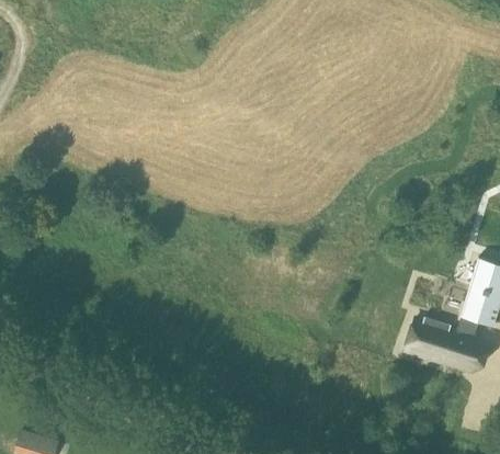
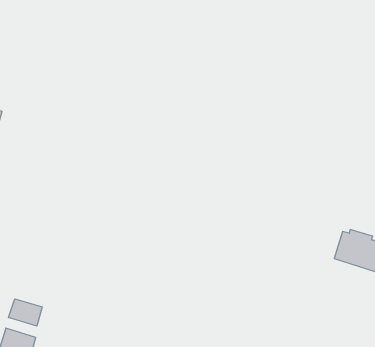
building: none -> [9,299,42,326]

